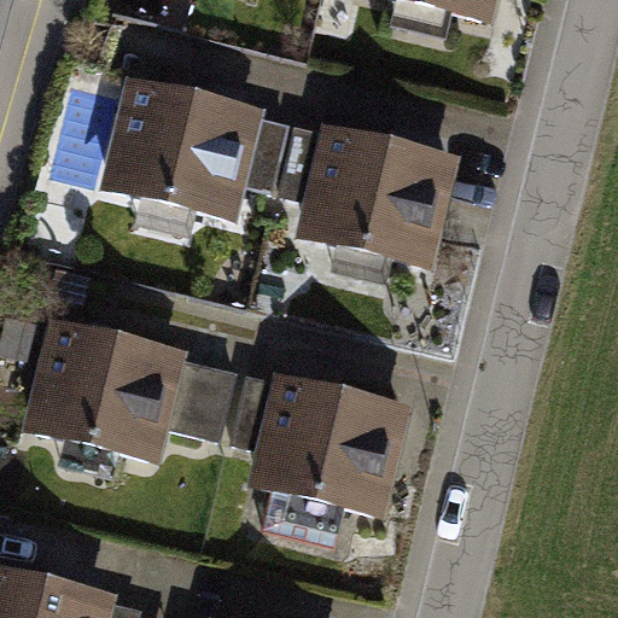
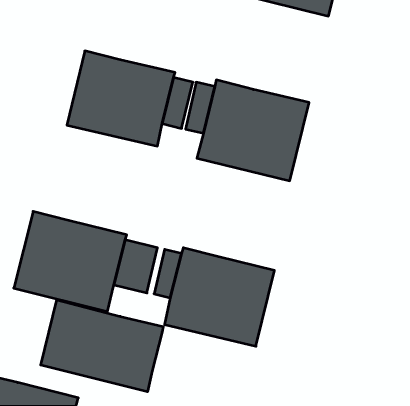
building: none -> [41,300,163,392]

